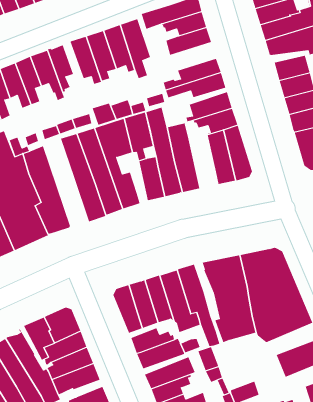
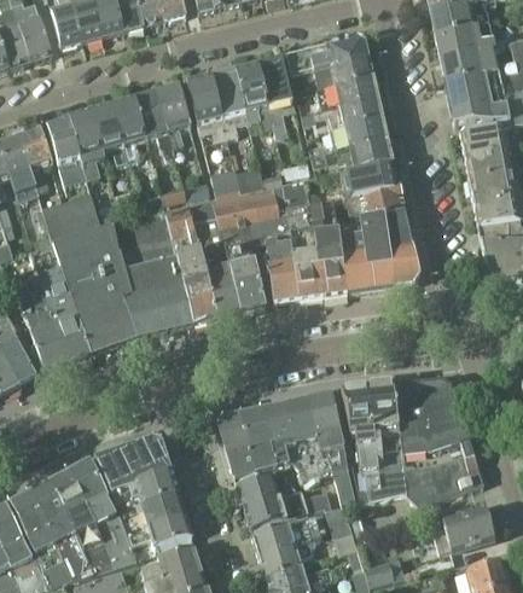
building: none -> [301,97,383,130]
building: none -> [337,219,371,291]
building: none -> [141,209,193,329]

